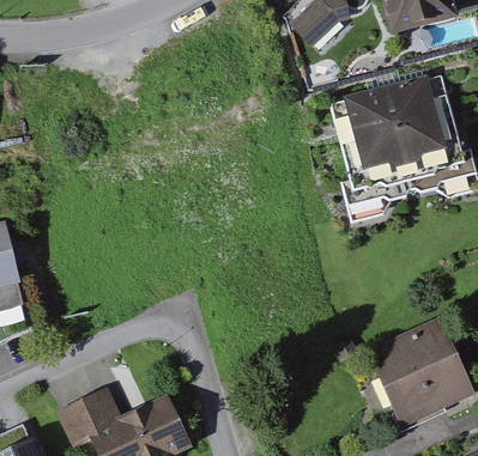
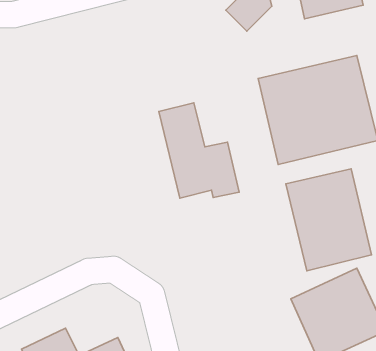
building: none -> [159,103,239,198]
building: none -> [286,169,372,271]

